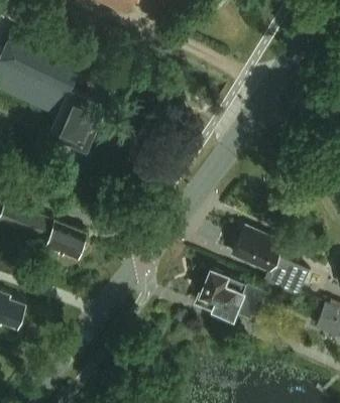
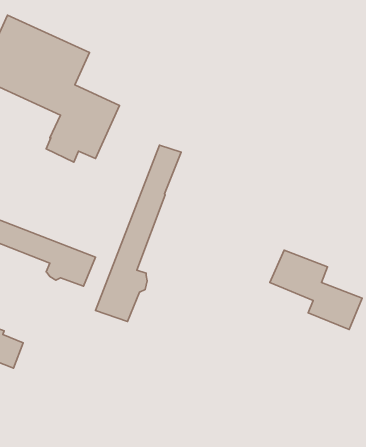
building: none -> [96,145,181,322]
building: [195,270,260,318] -> none

